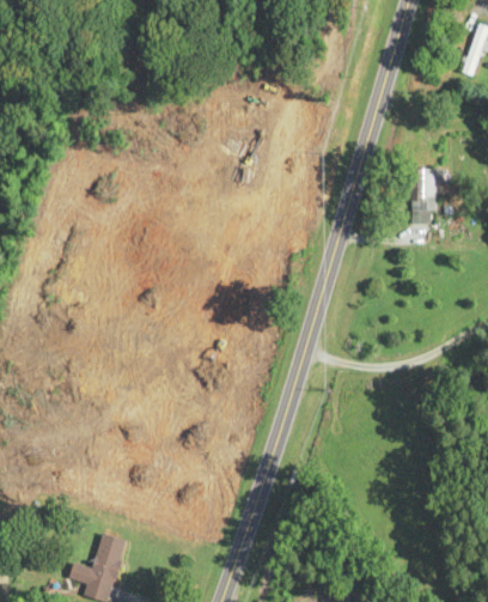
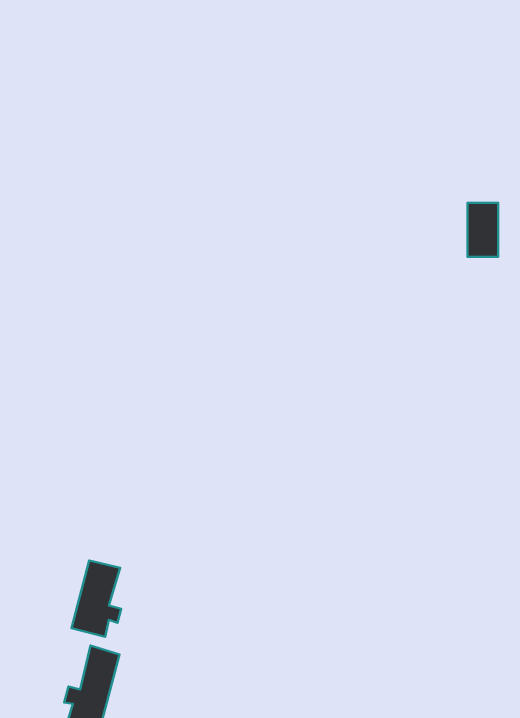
building: none -> [71,561,121,637]

